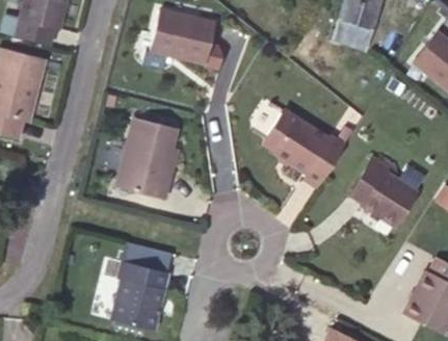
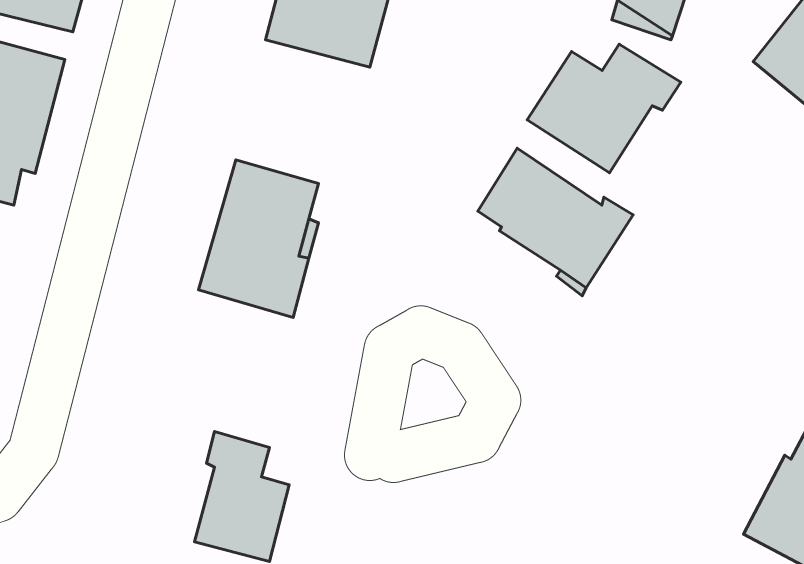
building: none -> [527,44,681,173]
building: [348,154,417,225] -> none

